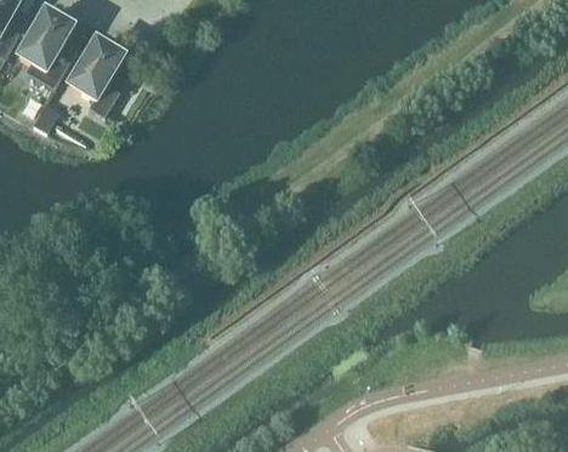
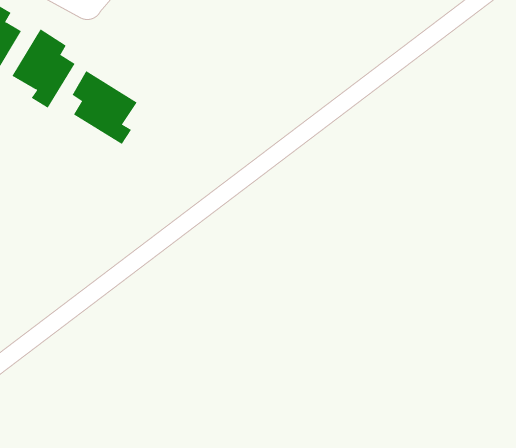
building: none -> [72,70,137,145]

